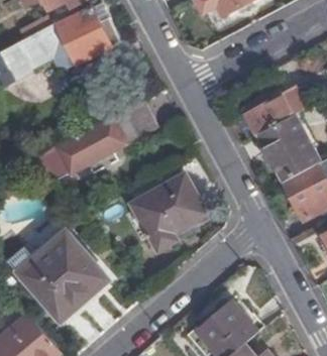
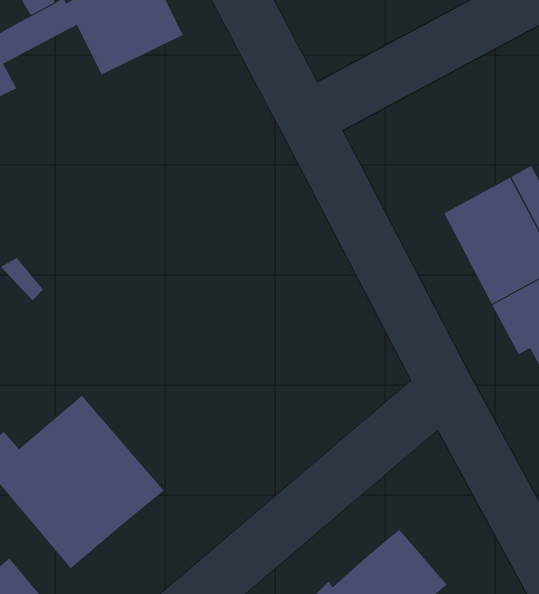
building: [244,96,292,135] -> none
building: [44,103,154,183] -> none
building: [134,173,202,250] -> none

